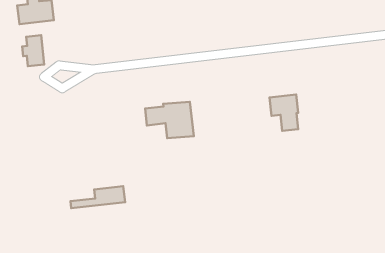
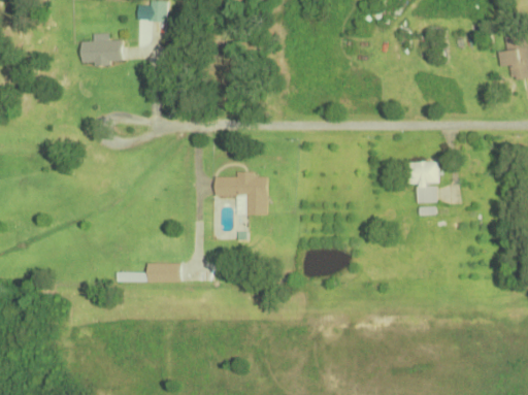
building: [22,35,44,66] -> none
building: [270,94,298,131] -> [407,162,438,202]

